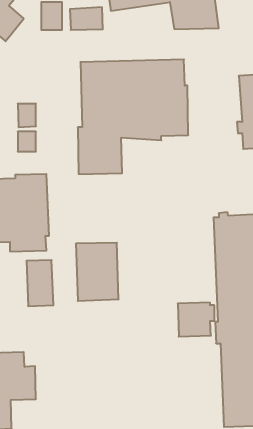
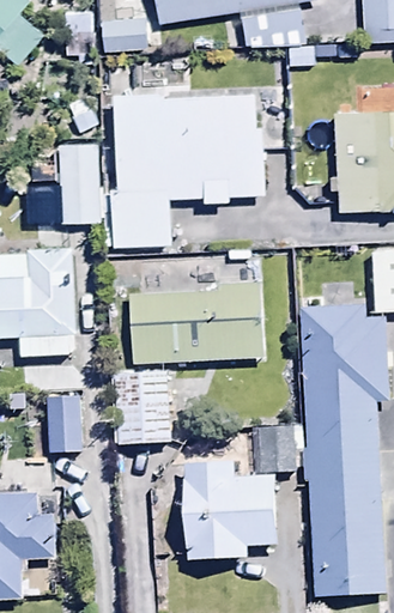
building: none -> [59,119,98,196]
building: none -> [128,260,257,338]
building: none -> [186,460,279,564]

